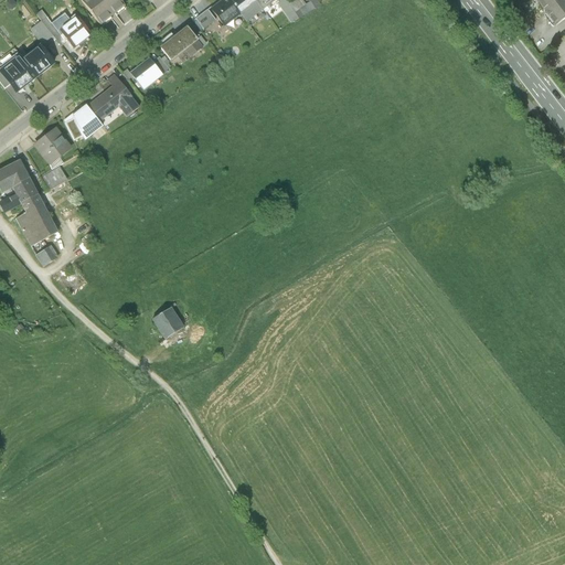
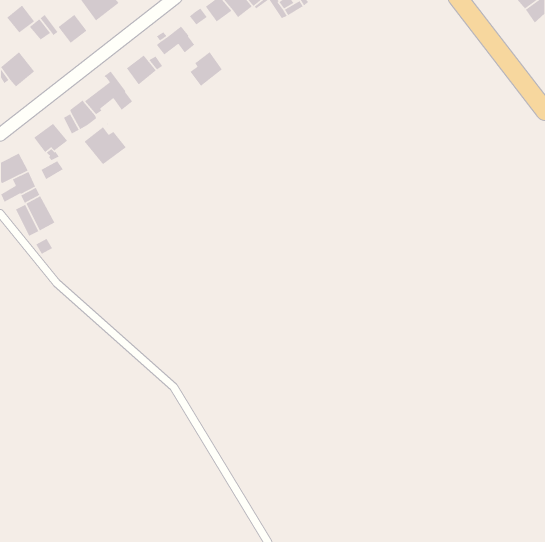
building: [23,44,53,74] -> [6,5,35,33]
building: none -> [187,51,223,87]
building: none -> [84,123,127,165]
building: [152,306,183,337] -> none

